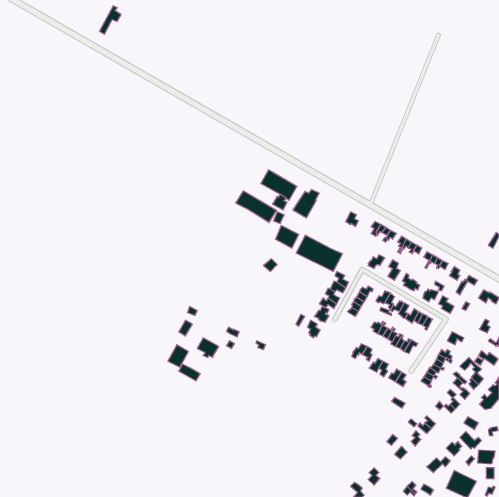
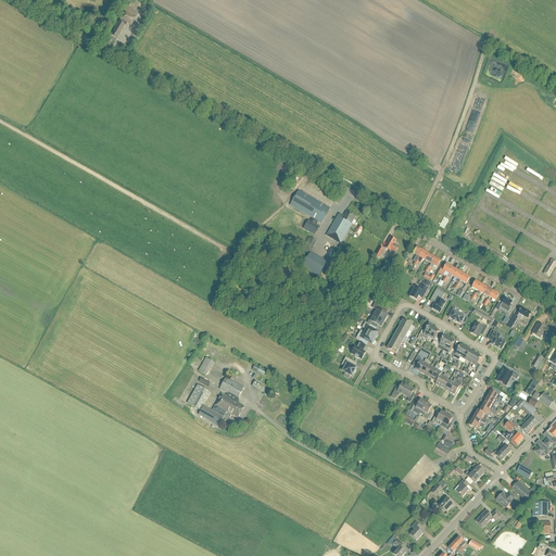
building: [236,191,276,223] -> none
building: [296,235,342,272] -> none
building: none -> [212,392,244,417]

